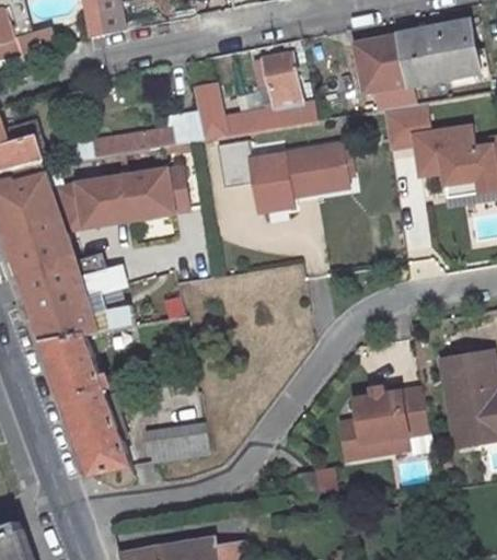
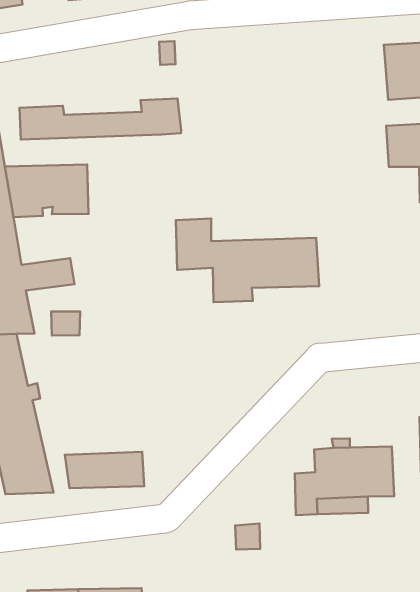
building: [255,51,316,130] -> none
building: [196,101,244,139] -> none
building: [215,140,346,212] -> [176,218,319,302]
building: [125,170,186,221] -> none

